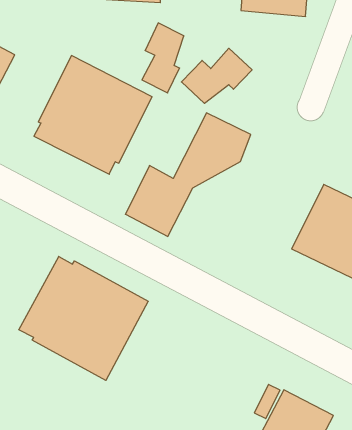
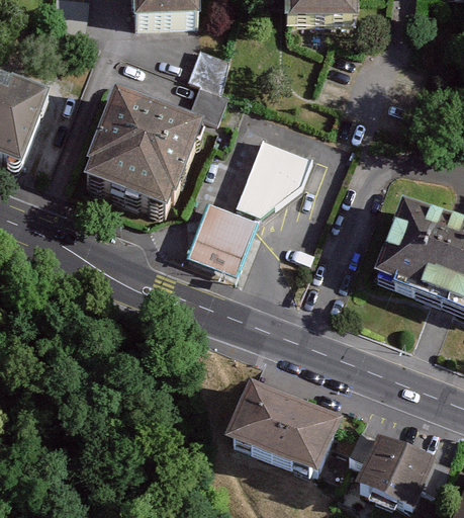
building: [181,48,252,103] -> none
building: [19,256,148,380] -> none
building: none -> [223,376,342,478]

